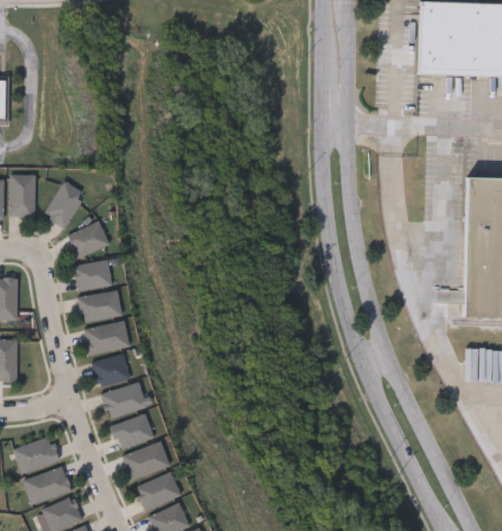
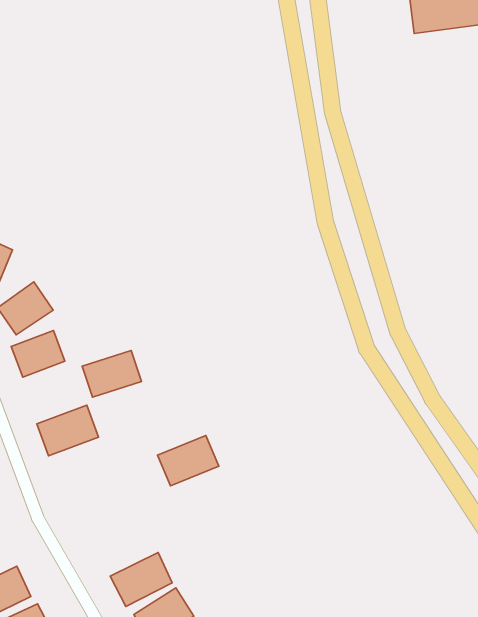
building: [78,290,121,322] -> [82,351,141,397]
building: [91,353,130,387] -> none
building: [101,383,146,417] -> [158,436,219,486]
building: [110,413,154,450] -> none

